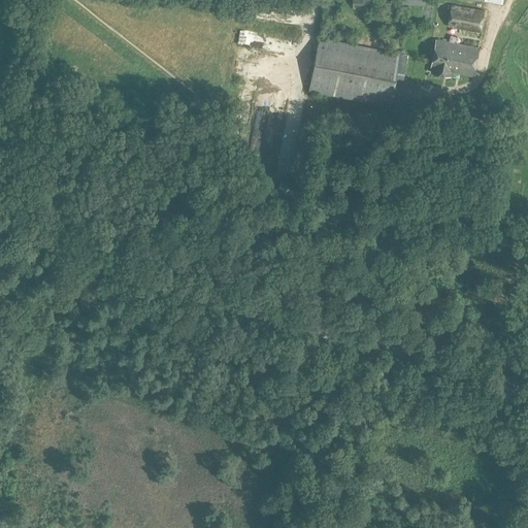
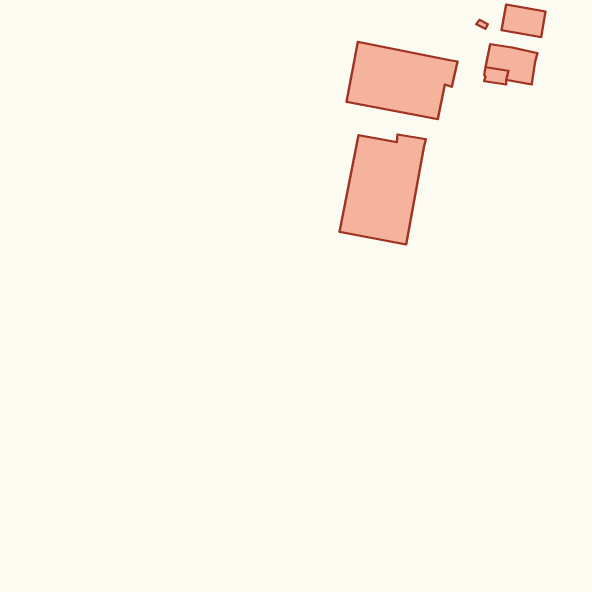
building: none -> [340,135,426,245]

